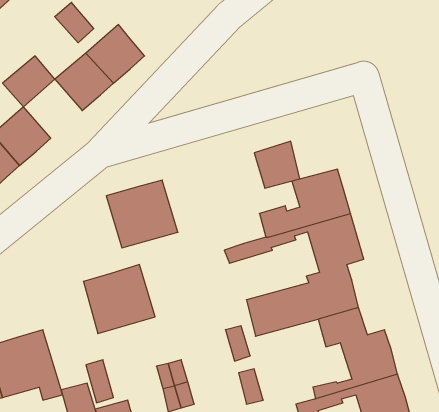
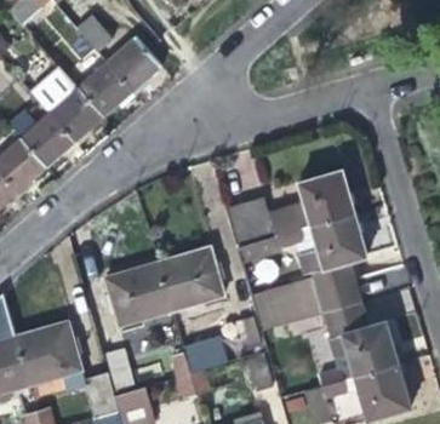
building: none -> [48,88,103,143]
building: [254,141,300,188] -> [229,197,272,241]
building: [106,180,178,248] -> [156,246,223,309]

